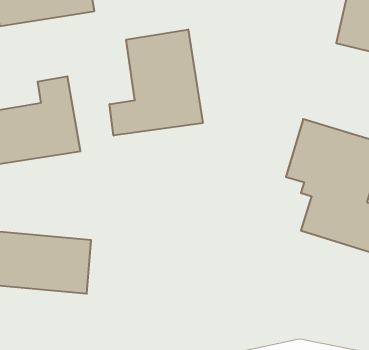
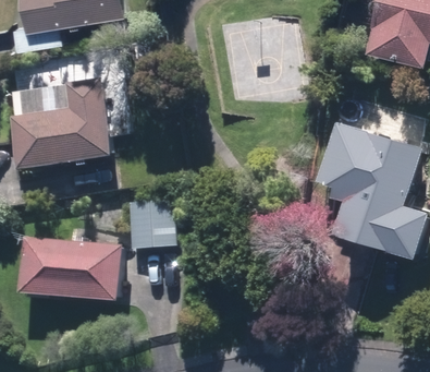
building: [110,29,203,136] -> none
building: none -> [128,200,174,248]

